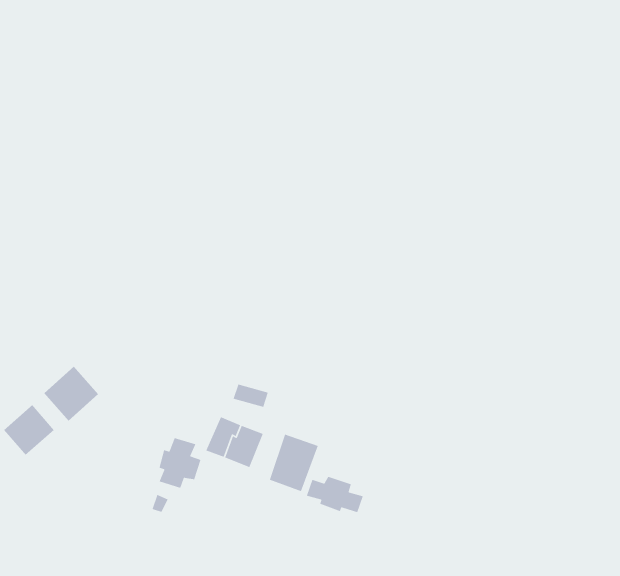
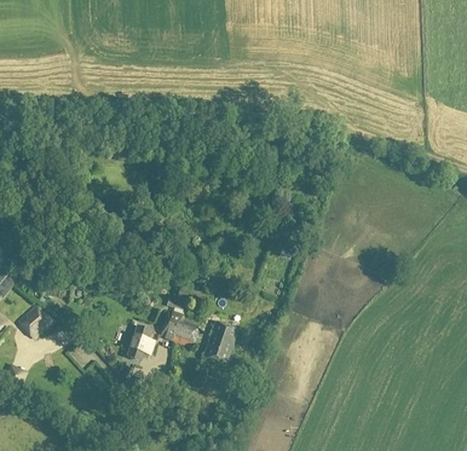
building: [43,366,99,422] -> none
building: [306,476,364,513] -> none

